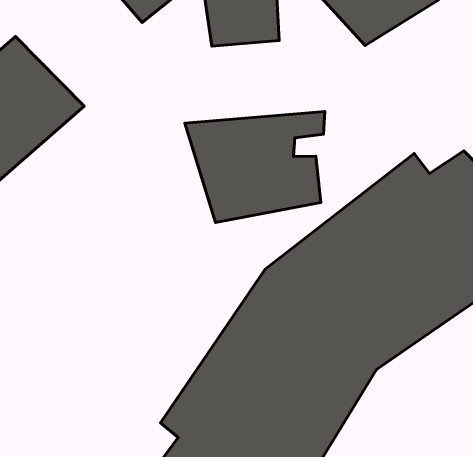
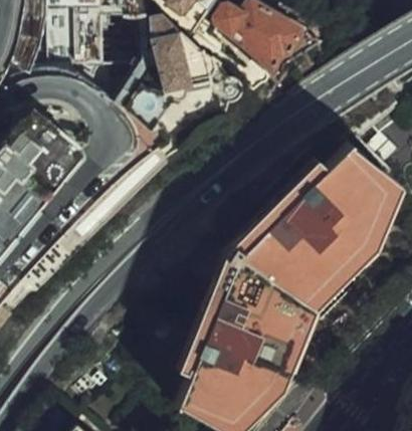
building: [185,111,325,222] -> none

